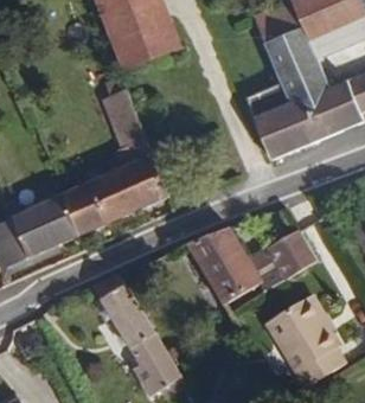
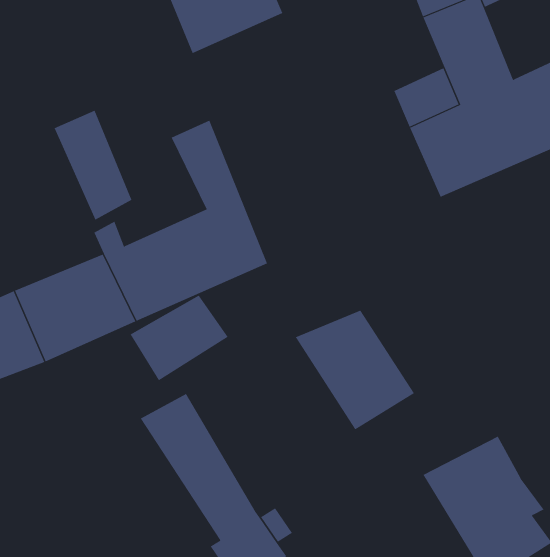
building: none -> [54,110,132,221]
building: none -> [130,295,229,381]
building: [261,226,313,275] -> none

